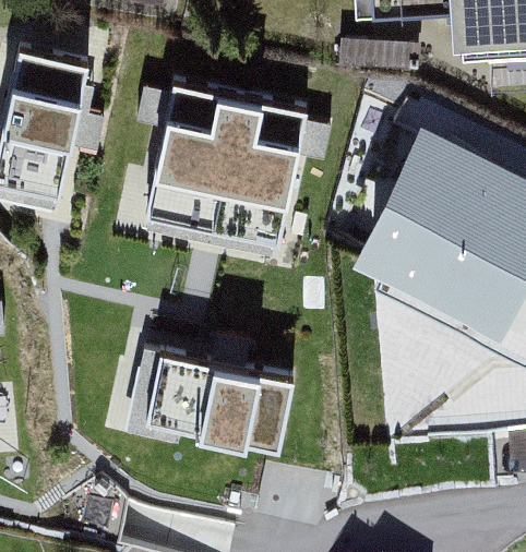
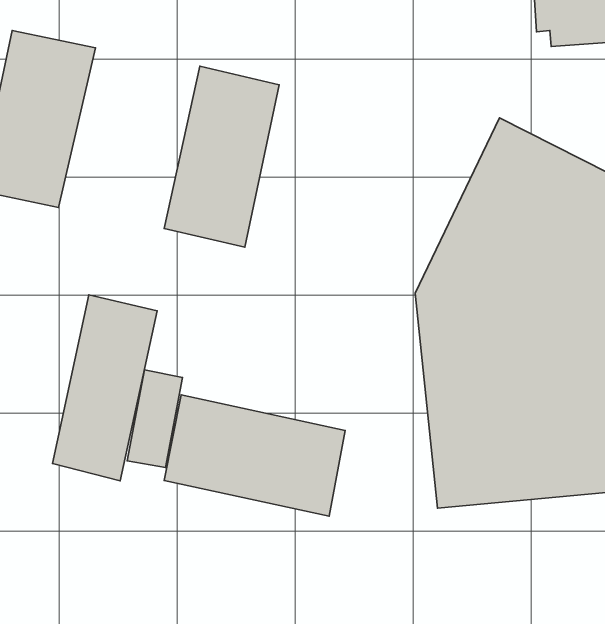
building: [213,95,309,243] -> none
building: none -> [53,295,157,481]

